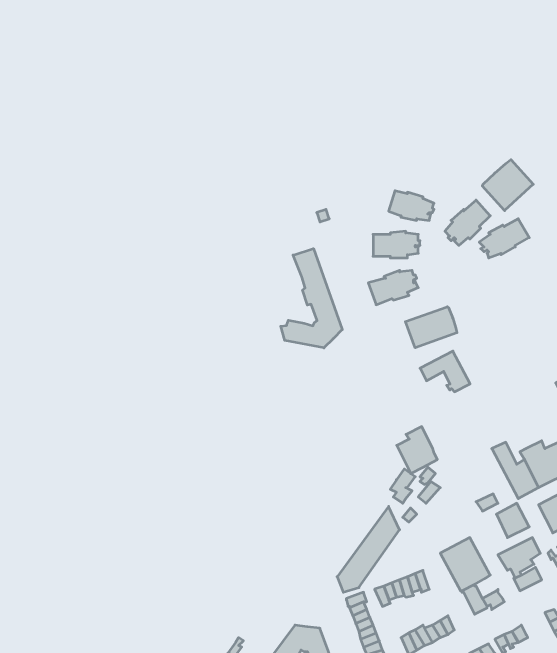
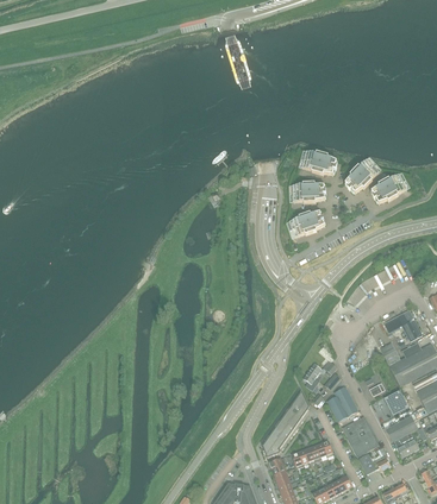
building: [482,160,533,211] -> none
building: [281,249,342,348] -> none
building: [405,307,457,348] -> none
building: [420,351,470,392] -> [383,309,422,340]
building: [397,427,437,474] -> [326,385,357,421]

